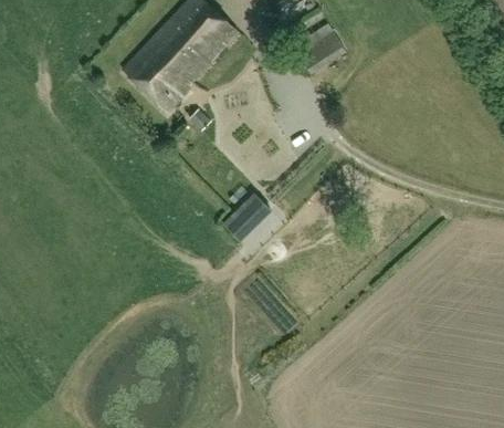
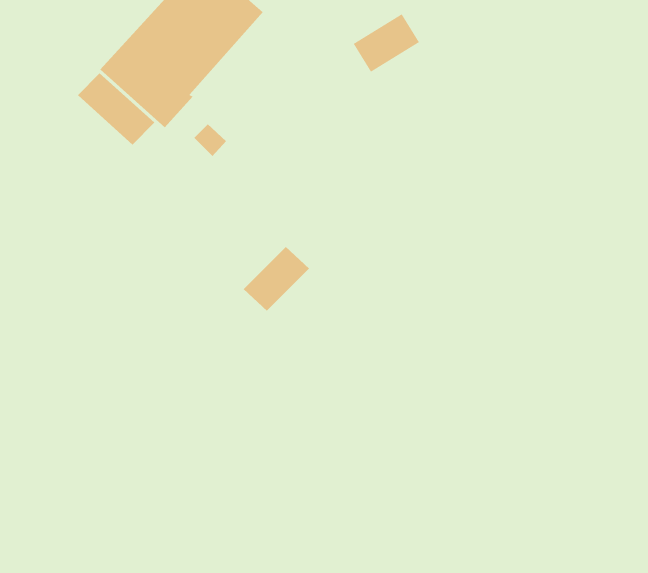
building: none -> [77,72,155,145]

